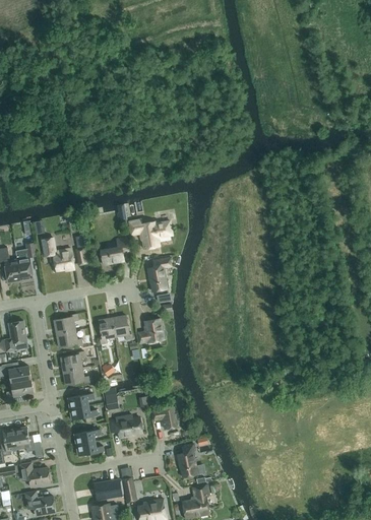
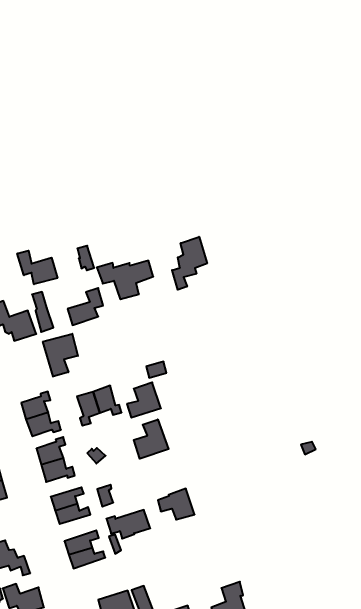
building: none -> [17,251,57,284]
building: none -> [172,237,207,290]
building: [146,258,171,291] -> none
building: none -> [43,334,78,377]
building: none -> [134,419,169,459]
building: [177,444,197,477] -> none

